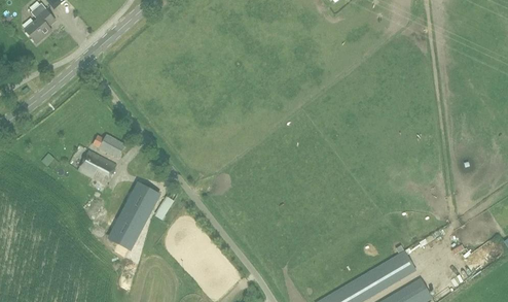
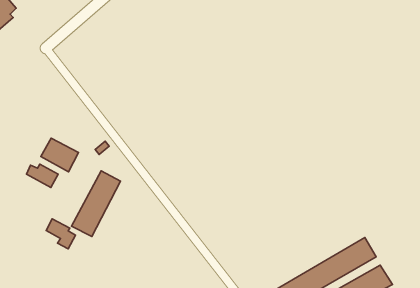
building: [93,134,124,158] -> [26,164,58,188]
building: none -> [46,219,75,249]

